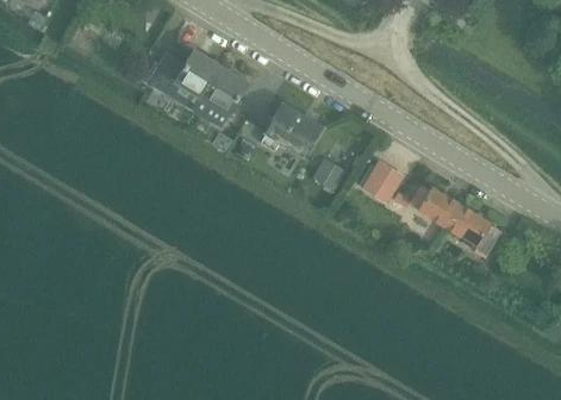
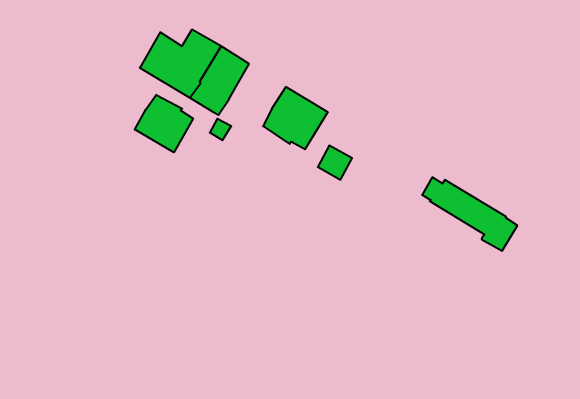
building: none -> [135,95,193,152]
building: [360,160,404,205] -> none

